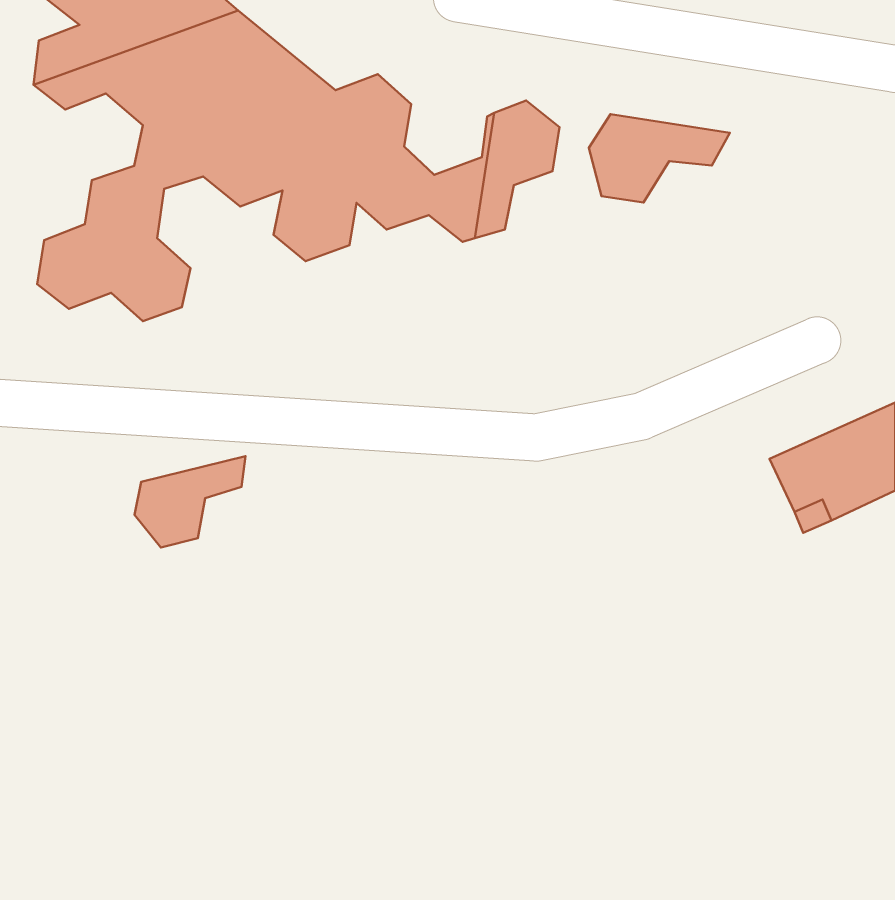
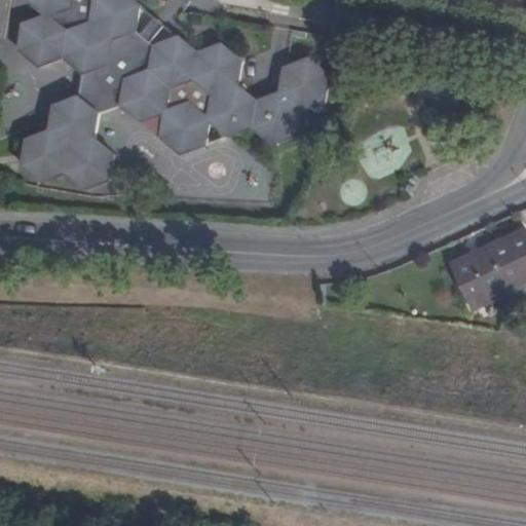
building: [589,114,730,203] -> none
building: [134,456,246,548] -> none

